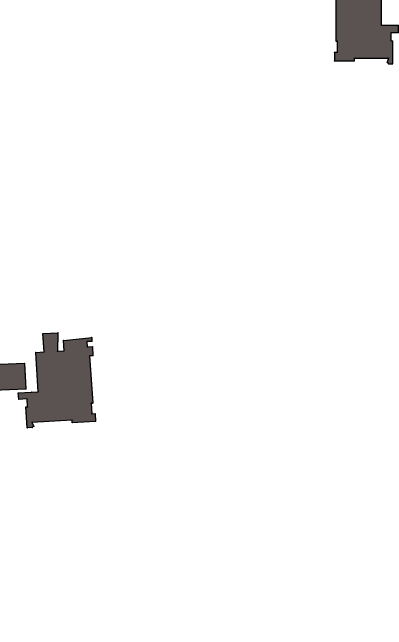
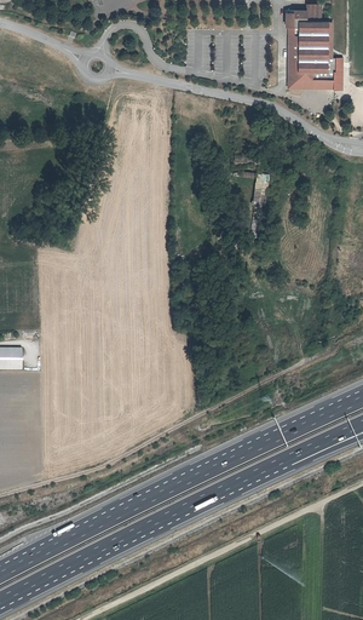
building: [18,333,96,428] -> none

